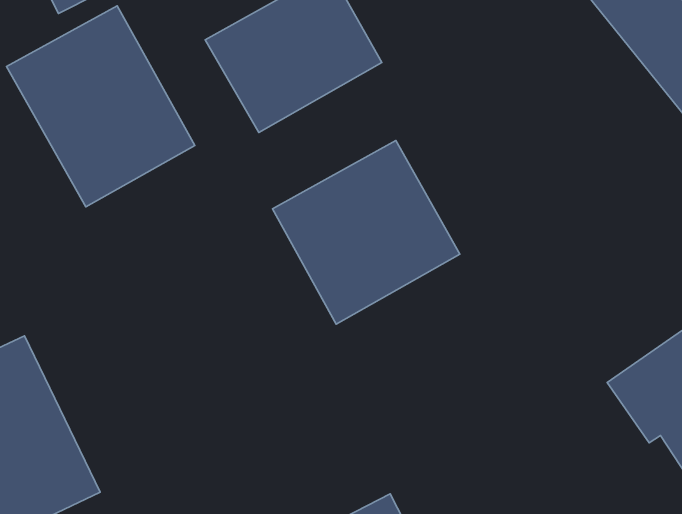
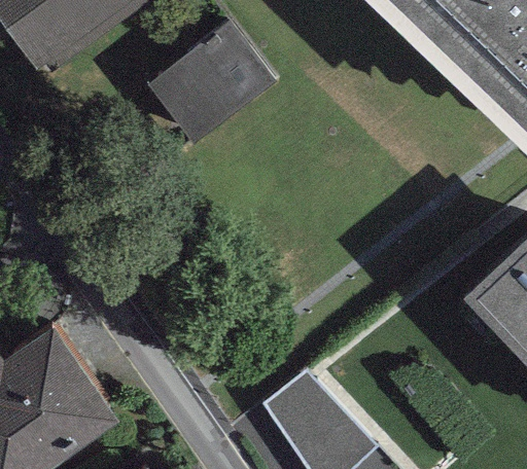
building: [7,6,195,207] -> none
building: [273,140,460,324] -> none

